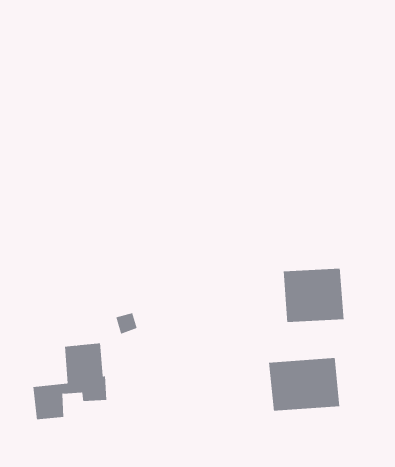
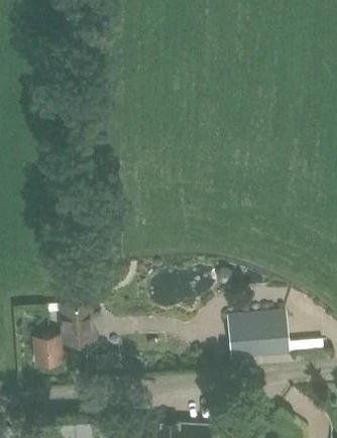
building: [283,268,344,323] -> none

